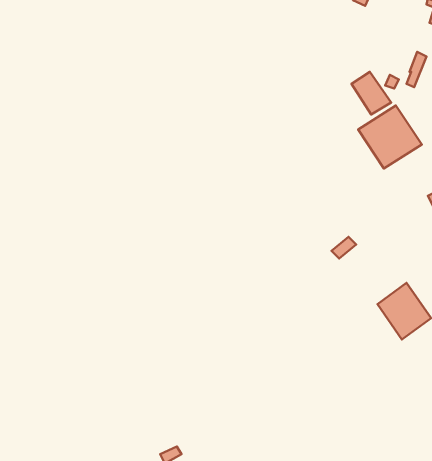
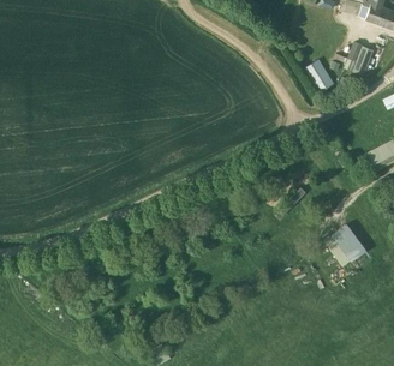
building: [358,106,422,168] -> none

